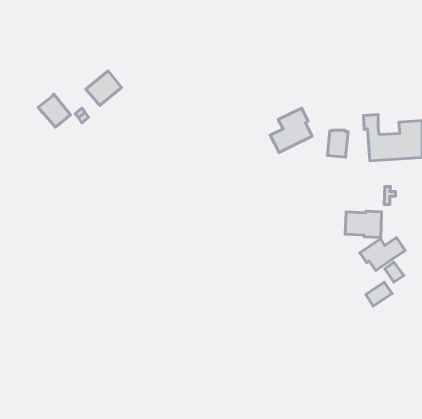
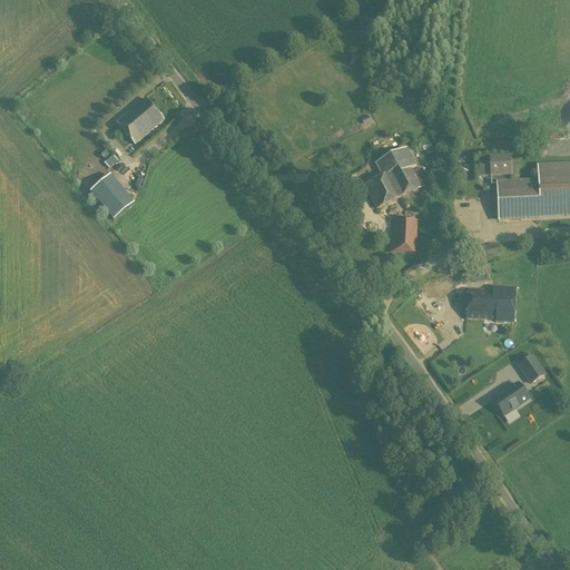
building: [38,94,70,127] -> [89,173,132,217]
building: [327,130,348,157] -> [390,215,417,252]
building: [360,238,405,271] -> none

